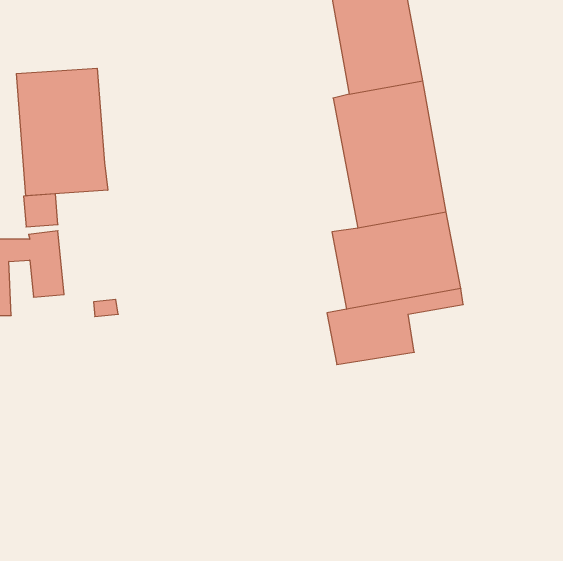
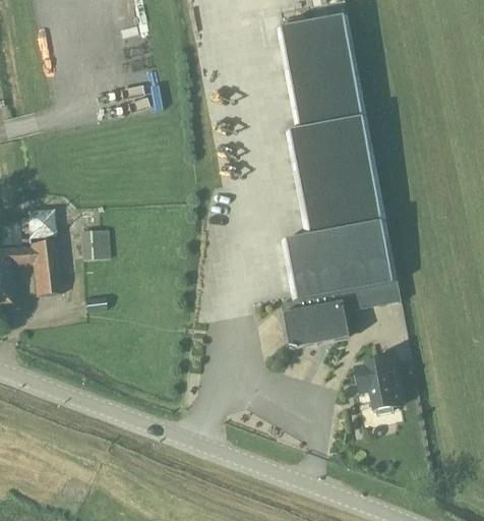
building: [16,68,108,196] -> none
building: none -> [81,229,111,256]
building: none -> [359,356,406,412]

